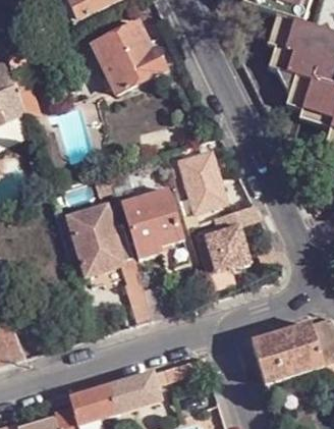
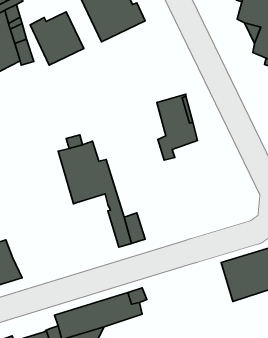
building: none -> [30,12,84,65]
building: [121,187,182,257] -> none
building: [196,204,260,274] -> none

